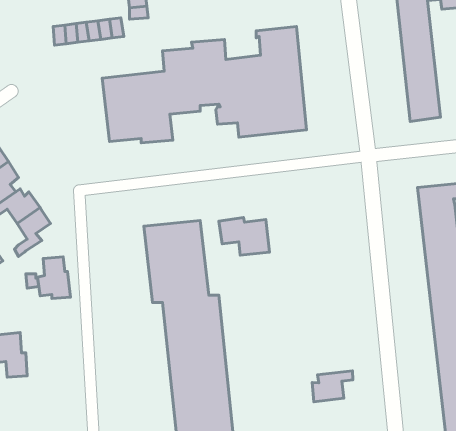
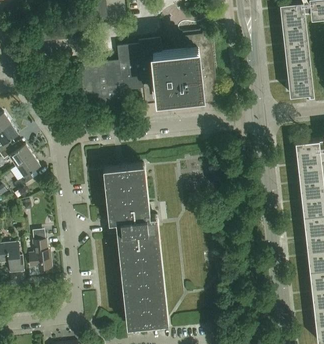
building: [219,217,269,255] -> none
building: [37,257,70,299] -> [28,240,51,269]
building: [312,371,353,402] -> none

